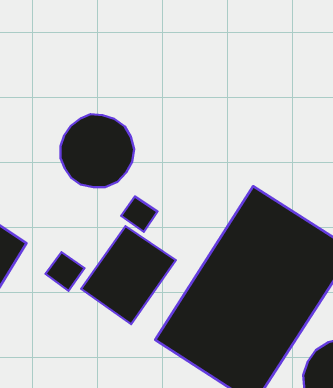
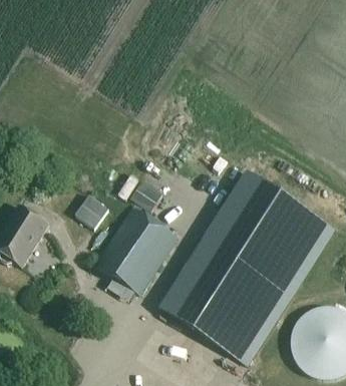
building: [60,114,134,187] -> none
building: [46,252,84,291] -> [74,194,108,228]

